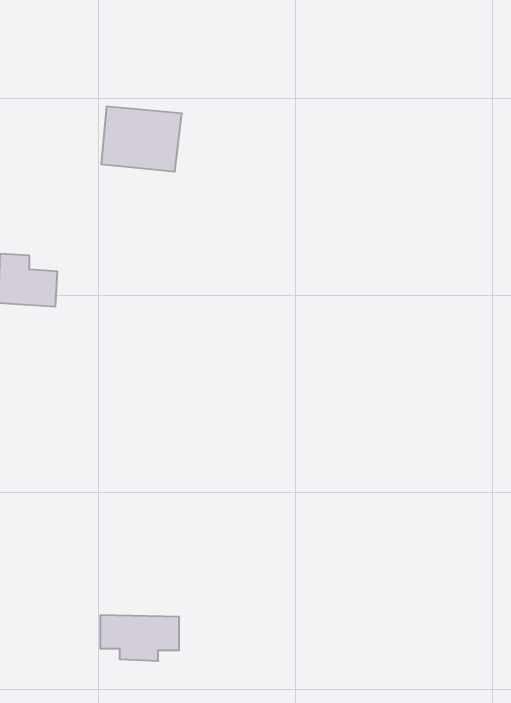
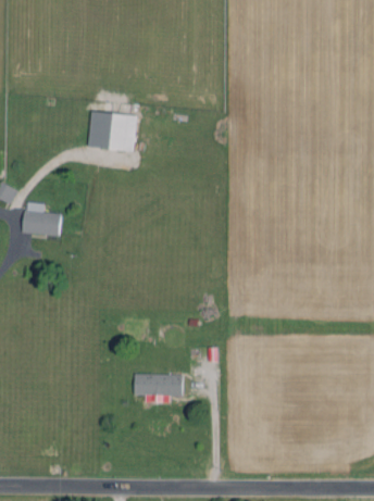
building: [100,615,179,661] -> [134,374,183,402]

